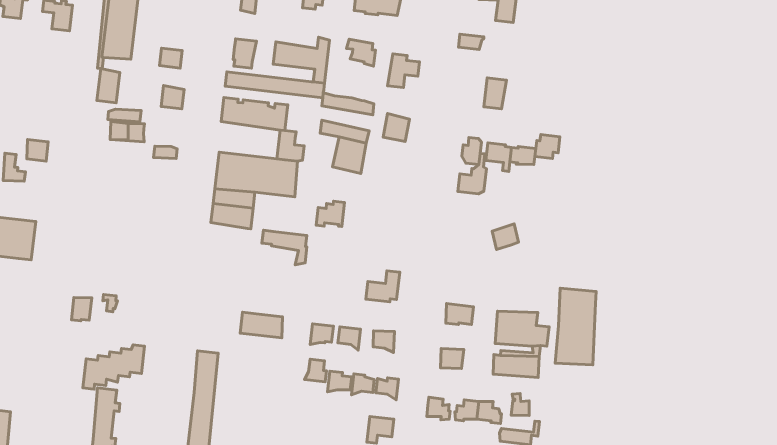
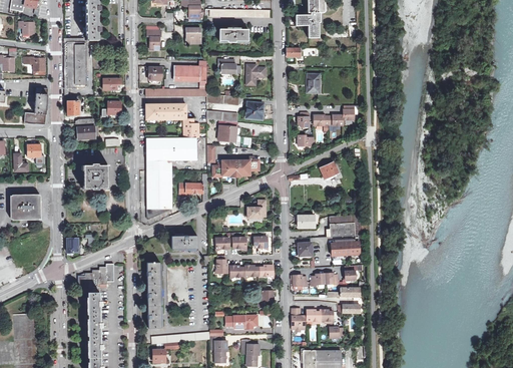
building: none -> [24,94,47,124]
building: none -> [83,162,106,189]
building: none -> [227,156,258,175]
building: none -> [145,182,171,220]
building: [555,288,596,365] -> none

